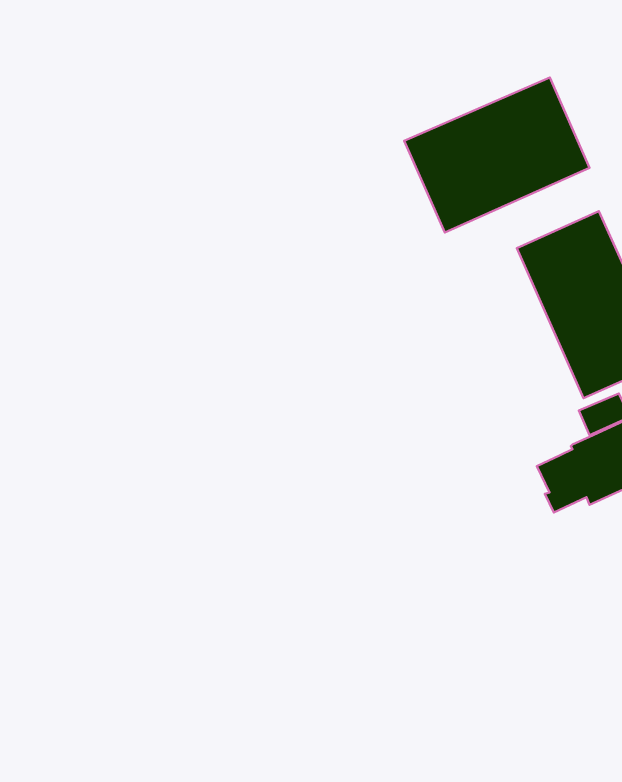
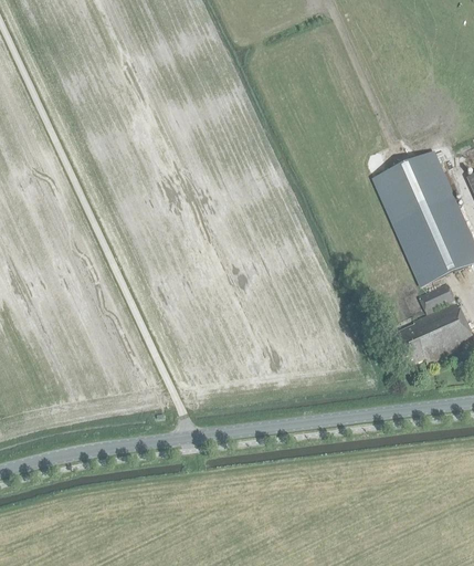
building: [404,78,589,232] -> none

